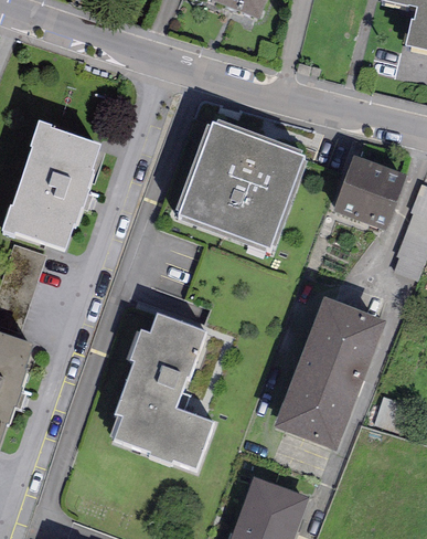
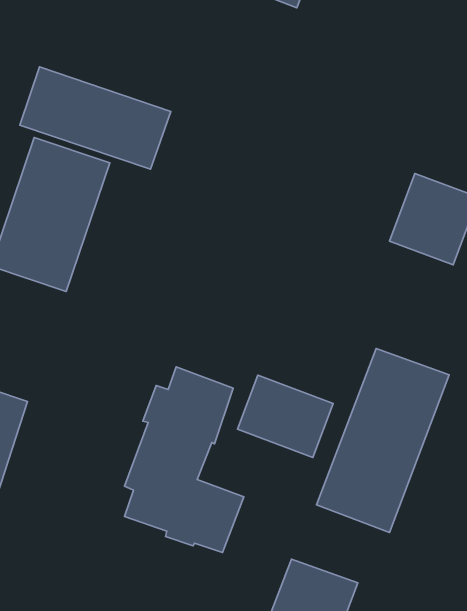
building: none -> [20,67,171,169]
building: [178,121,306,250] -> none
building: none -> [238,375,333,458]

